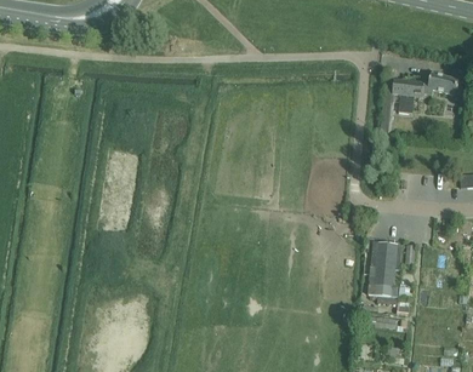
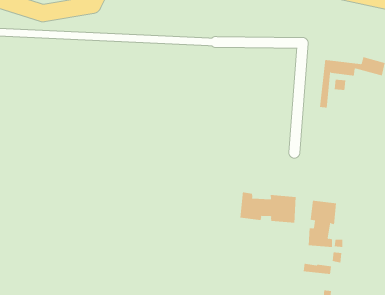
building: none -> [240,192,296,223]

